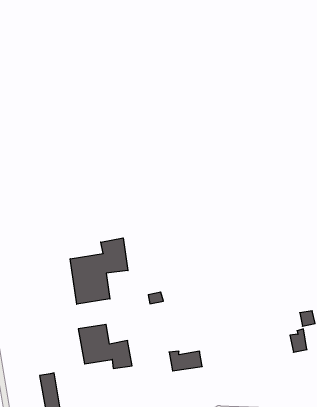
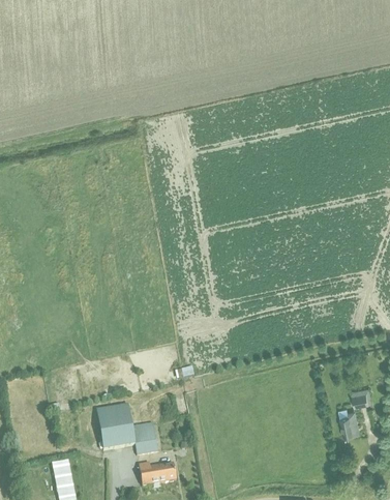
building: [70,238,128,304] -> none
building: [169,351,202,371] -> [139,462,177,484]

